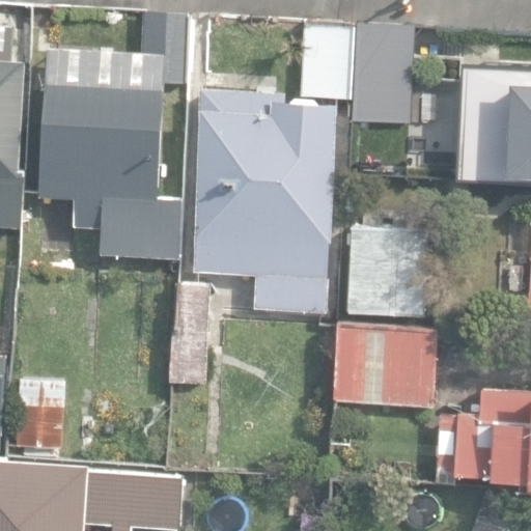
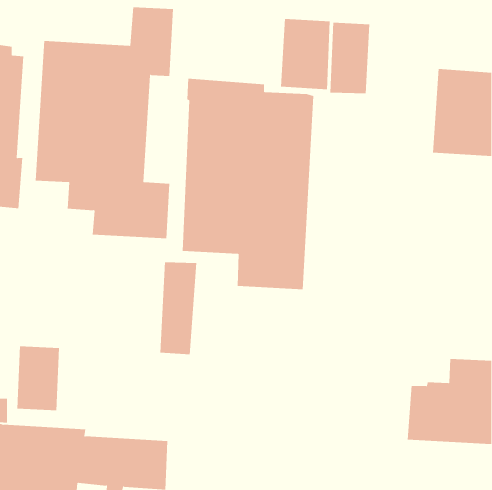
building: [347,227,426,315] -> none
building: [332,323,440,411] -> none

